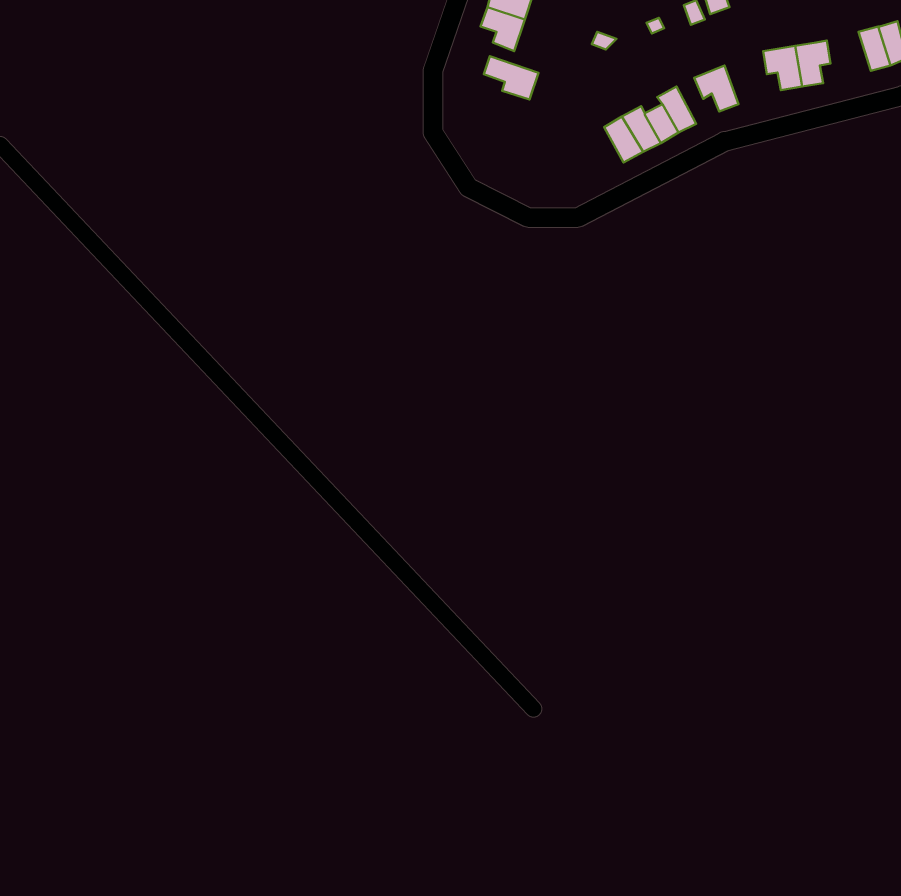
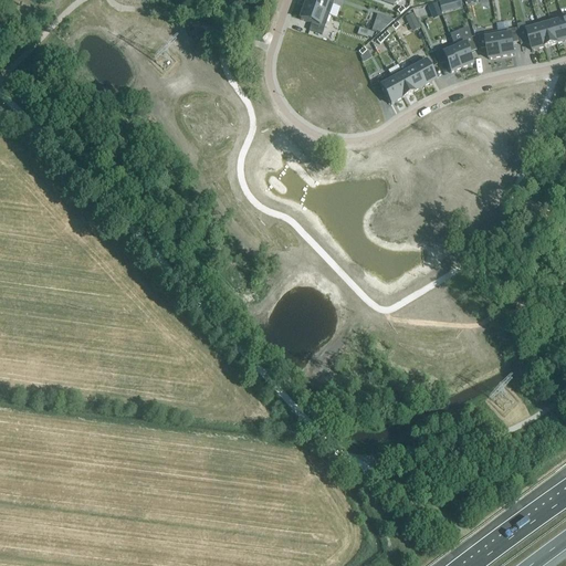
building: none -> [518,20,546,48]
building: none -> [454,34,478,65]
building: [484,56,539,100] -> none

